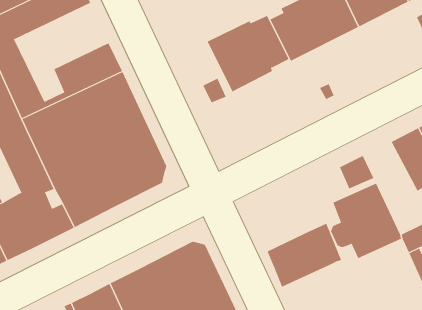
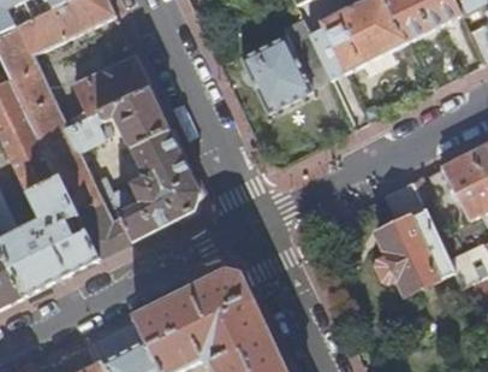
building: [267,223,342,288] -> none

